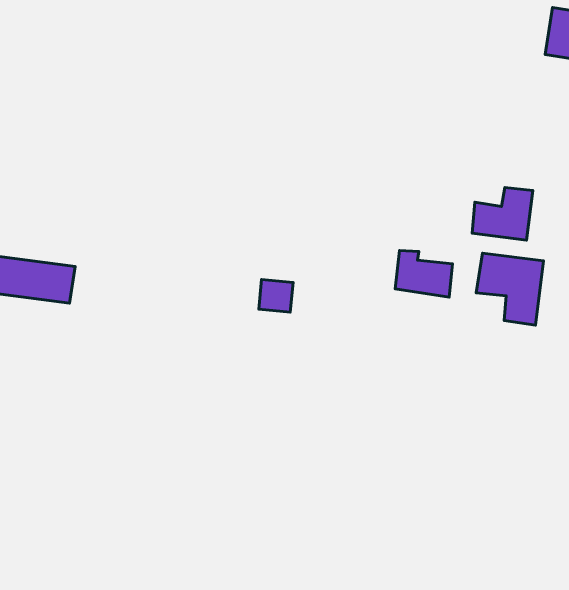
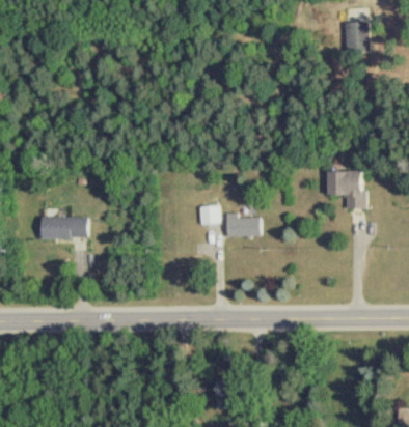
building: [472,188,533,240] -> none
building: [395,250,452,297] -> [225,212,258,236]

